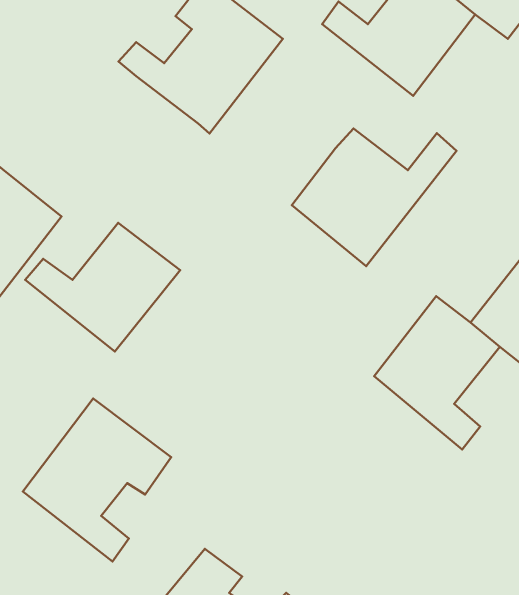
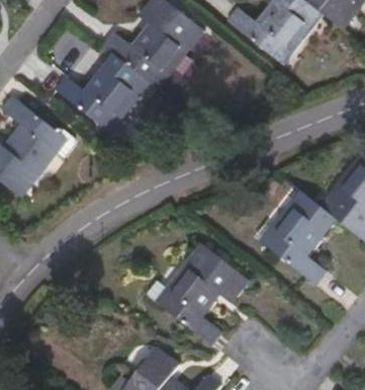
building: [292,128,457,266] -> none
building: [25,223,180,352] -> [55,53,151,133]
building: [23,399,171,561] -> [155,242,247,343]

